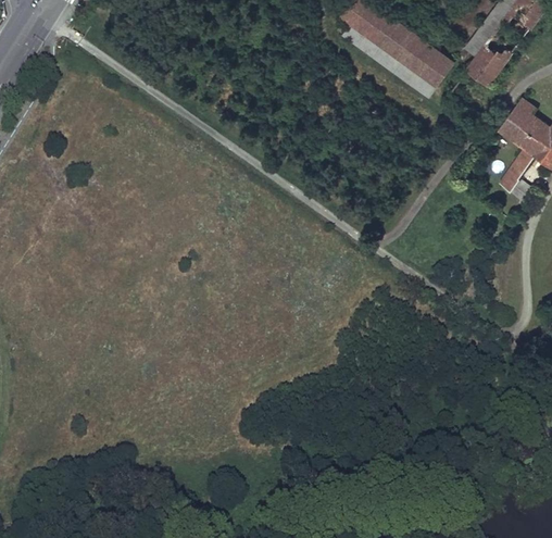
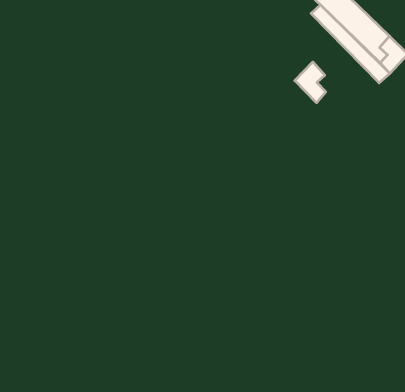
building: none -> [295,62,326,103]

